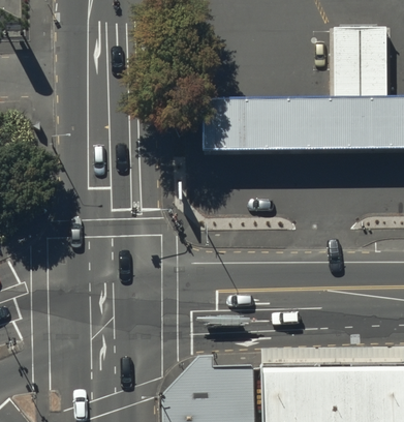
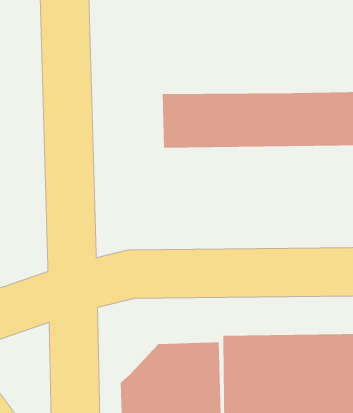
building: [334,16,391,98] -> none

